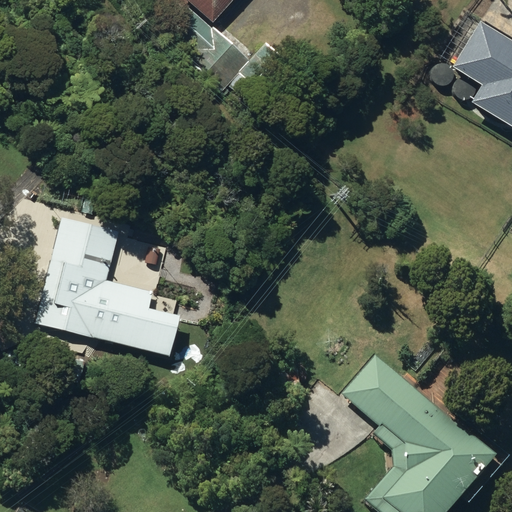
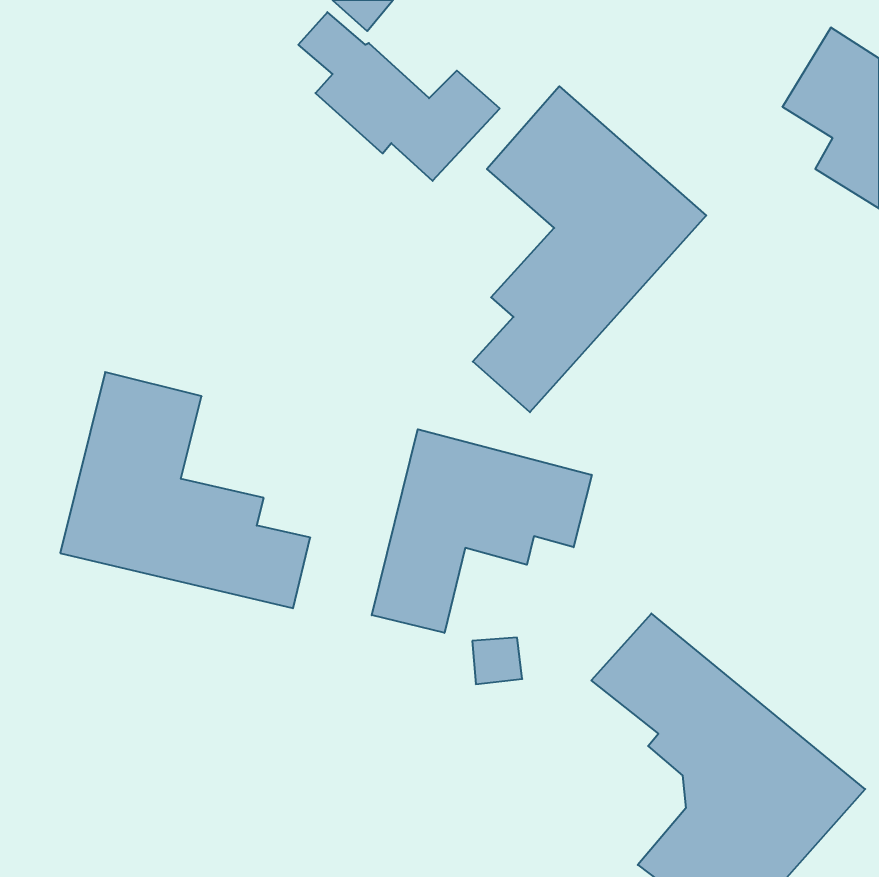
building: none -> [473,86,706,412]
building: none -> [372,429,592,633]

